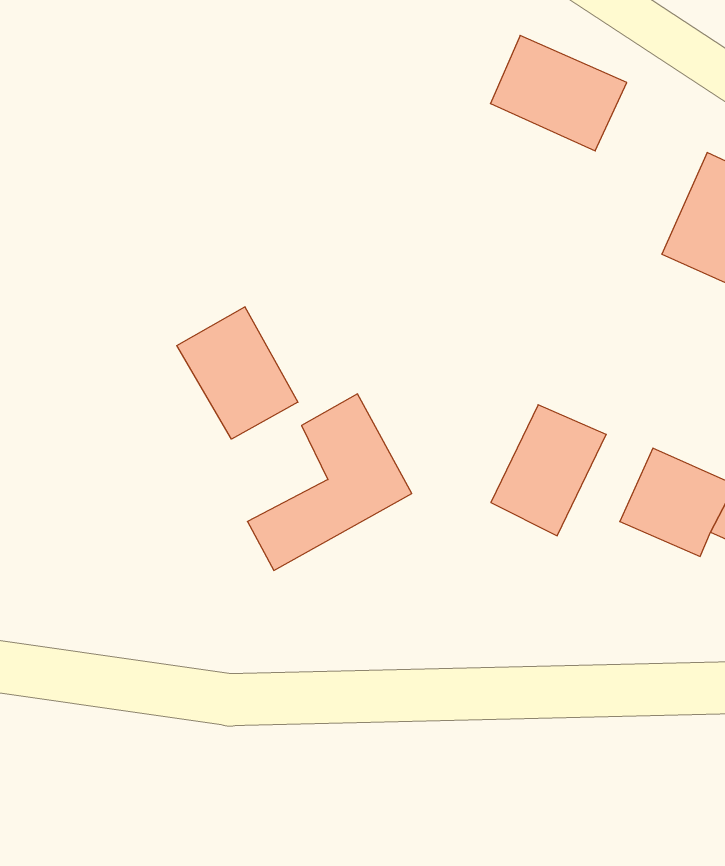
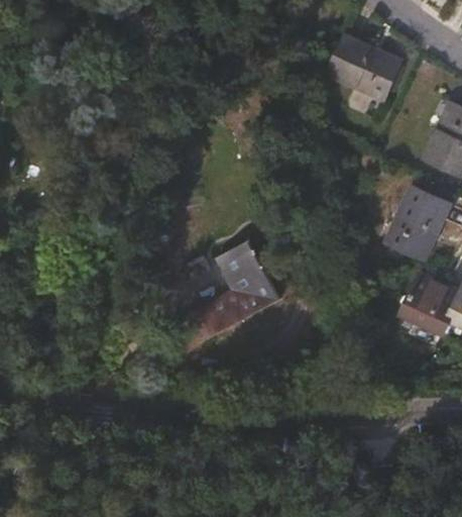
building: [177,307,298,439] -> none
building: [491,405,606,536] -> [383,185,450,261]

